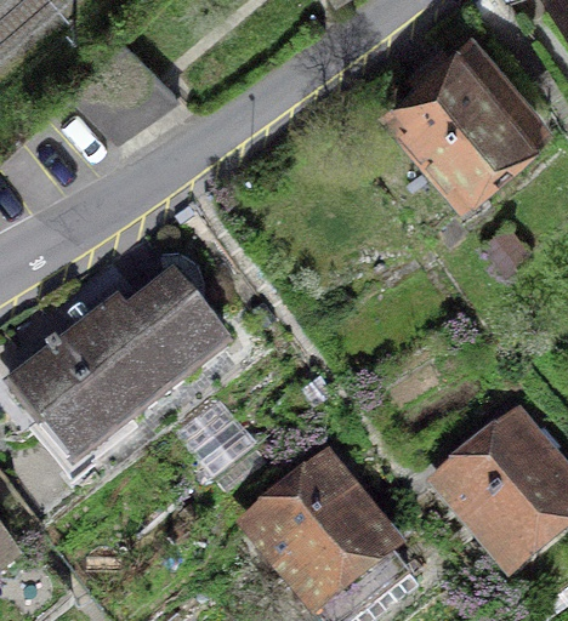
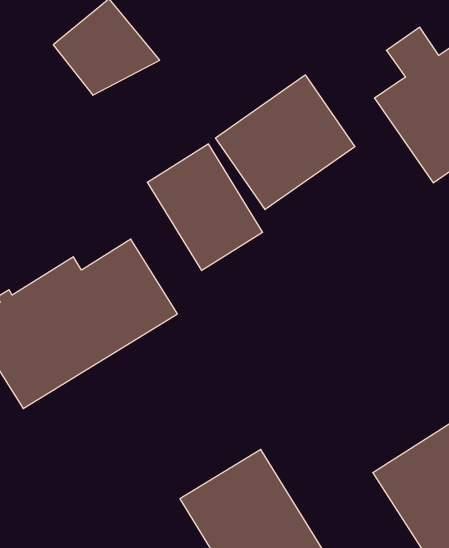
building: none -> [216,75,355,210]
building: none -> [147,144,263,271]

